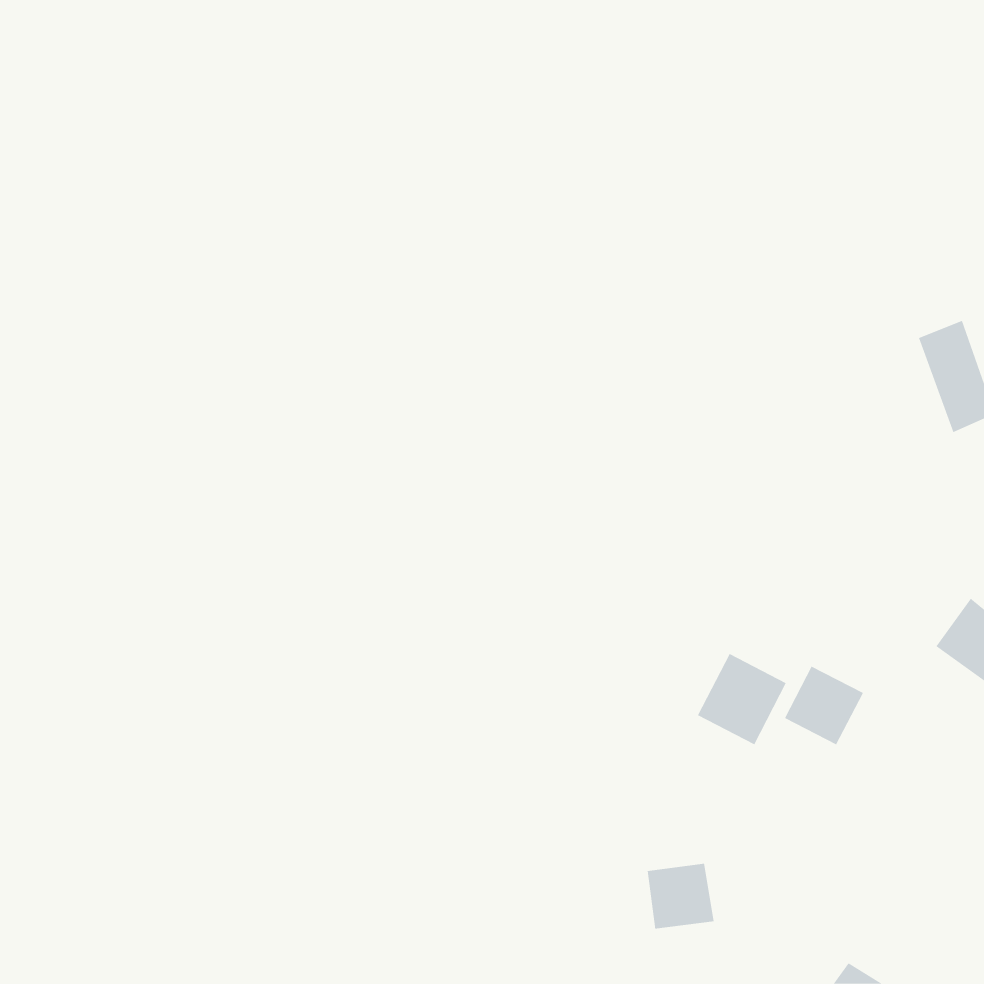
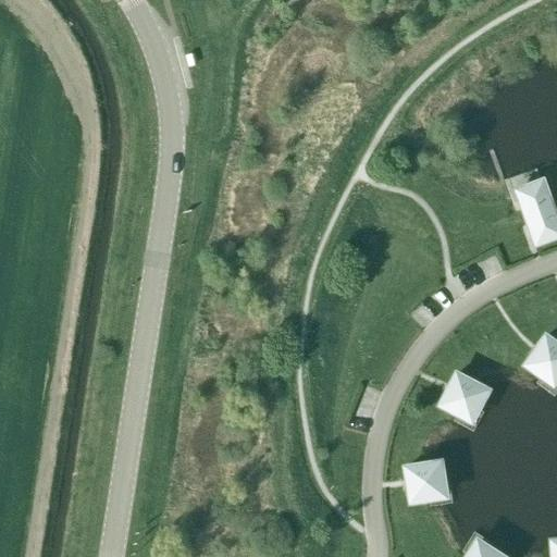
building: [697,653,787,745] -> none
building: [647,863,715,929] -> [409,461,447,498]

